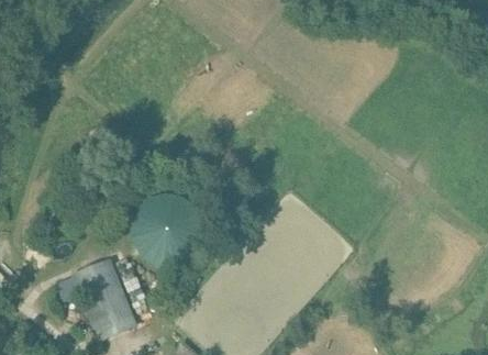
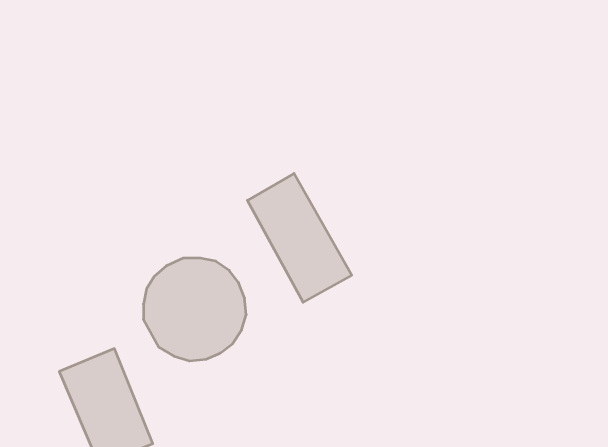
building: none -> [247,173,352,302]

